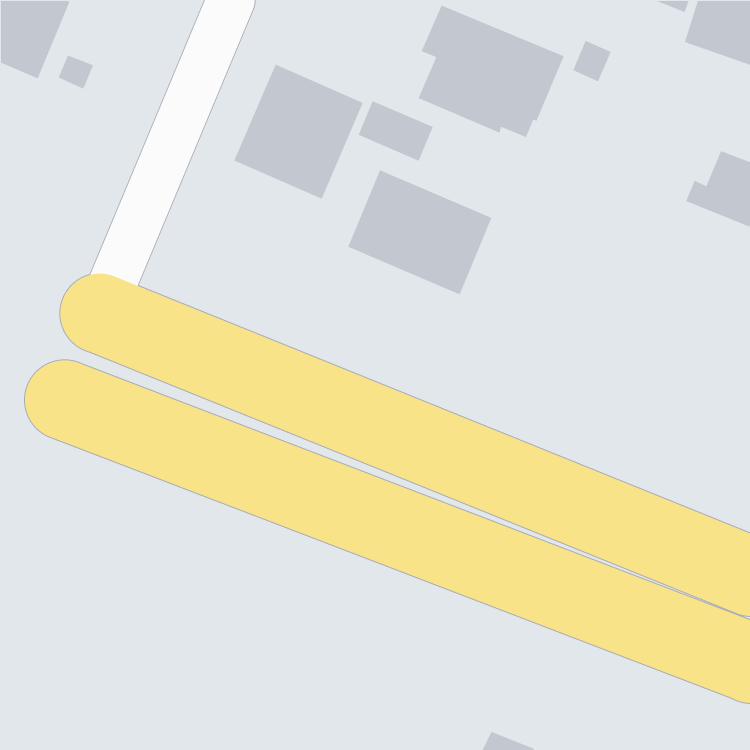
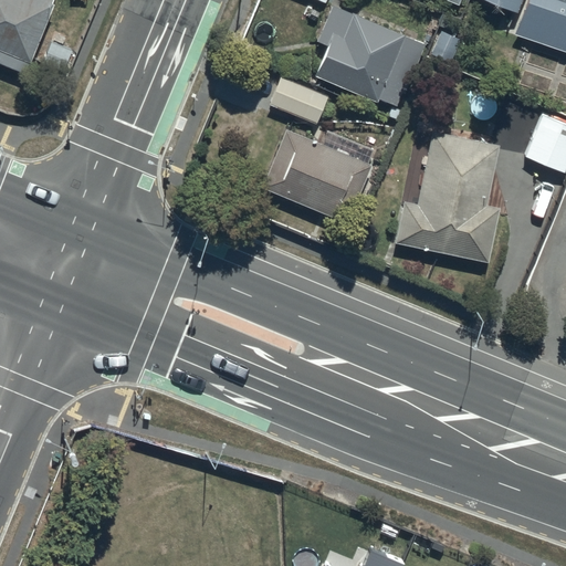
building: [233,64,364,200] -> none
building: none -> [396,132,500,262]

